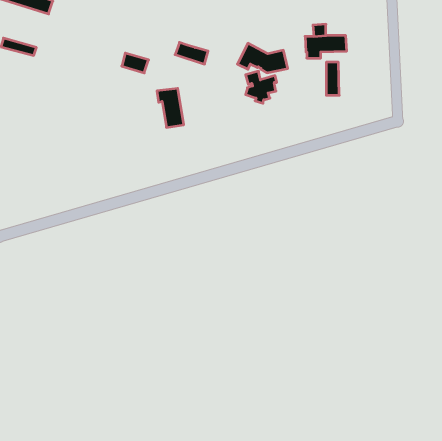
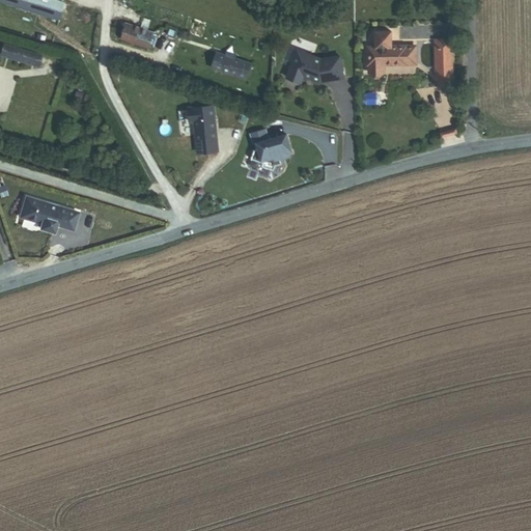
building: [122,53,149,73] -> [120,22,152,46]
building: [326,62,339,95] -> [436,38,451,78]
building: [246,71,277,103] -> [251,129,288,167]
building: none -> [19,194,77,230]

